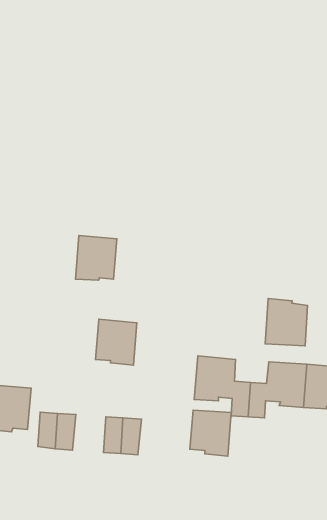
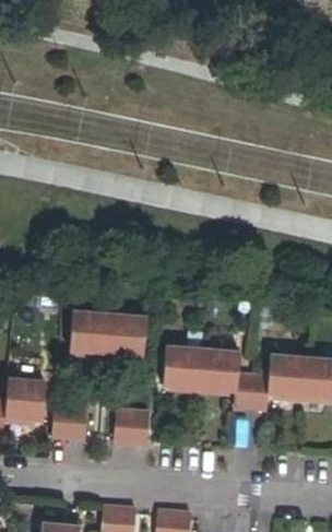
building: [75,235,117,280] -> [71,311,110,354]
building: [265,299,307,346] -> none
building: [190,410,231,456] -> [165,347,204,391]

